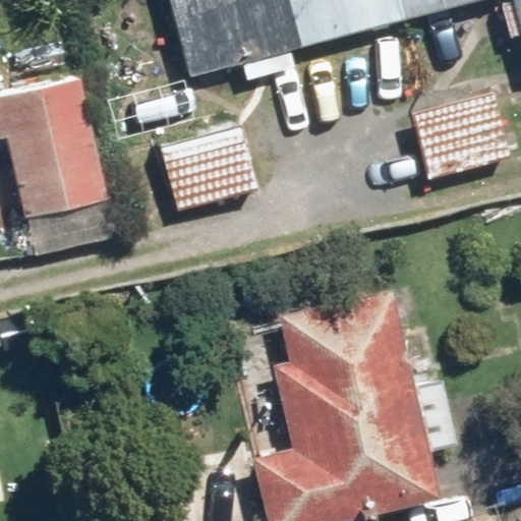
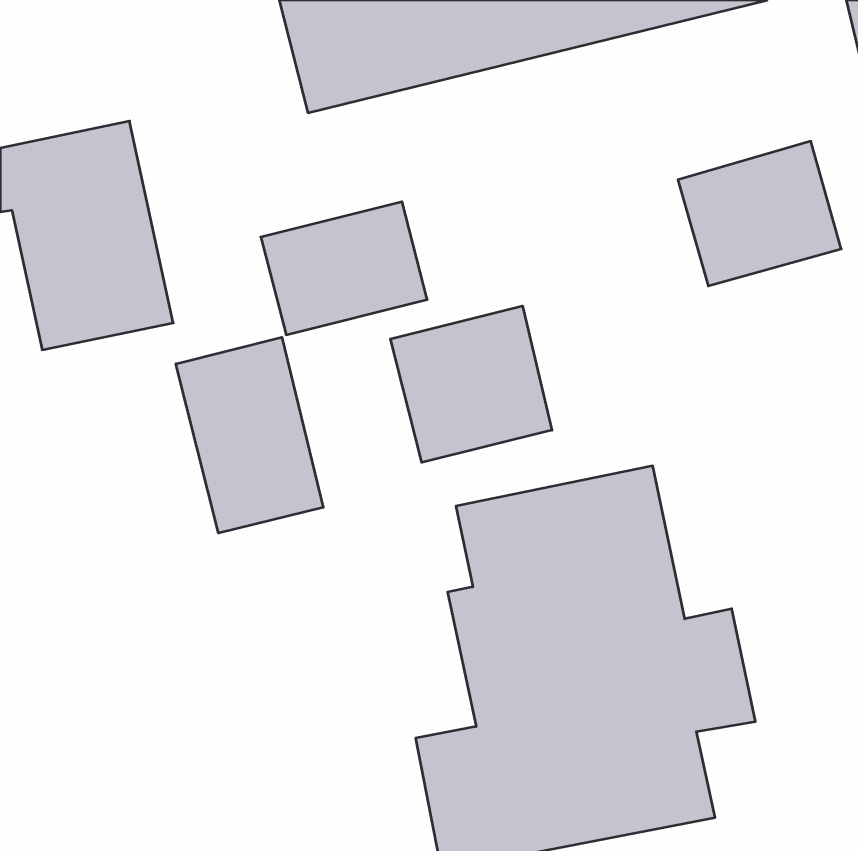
building: none -> [390,306,552,462]
building: none -> [176,337,323,533]

